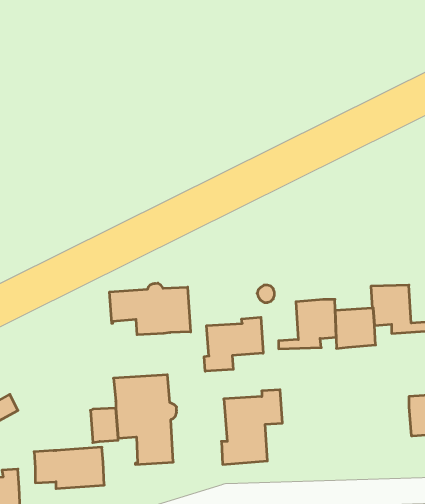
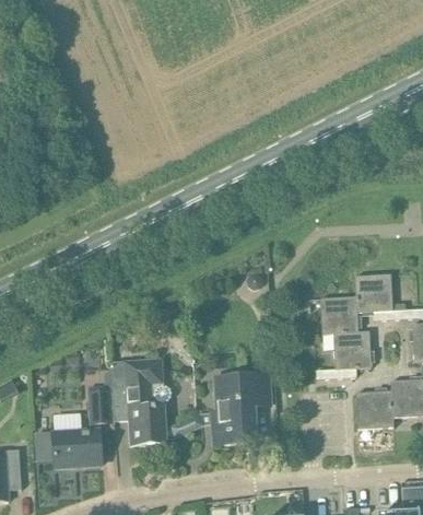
building: [110,283,191,335] -> none
building: [279,299,336,349] -> [316,330,371,377]
building: [204,317,263,371] -> none
building: none -> [355,389,393,428]

